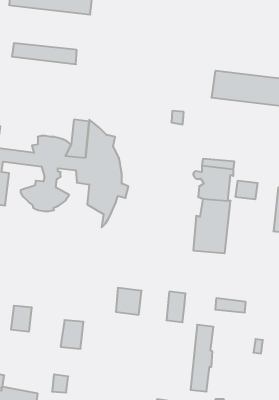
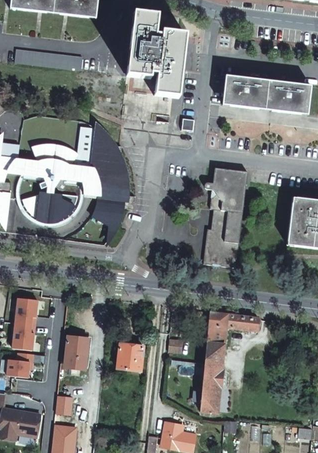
building: none -> [127,12,186,97]
building: [236,181,257,199] -> none
building: none -> [15,296,38,323]
building: [116,288,142,315] -> [118,342,145,370]
building: [166,292,186,322] -> [208,311,228,343]
building: none -> [7,350,33,375]

